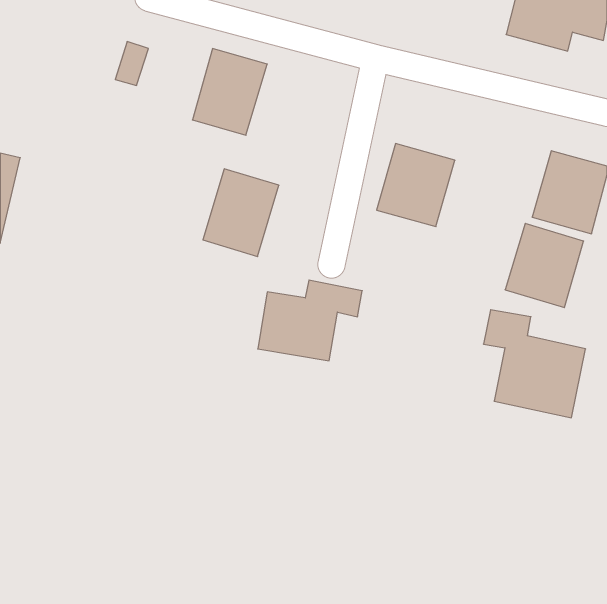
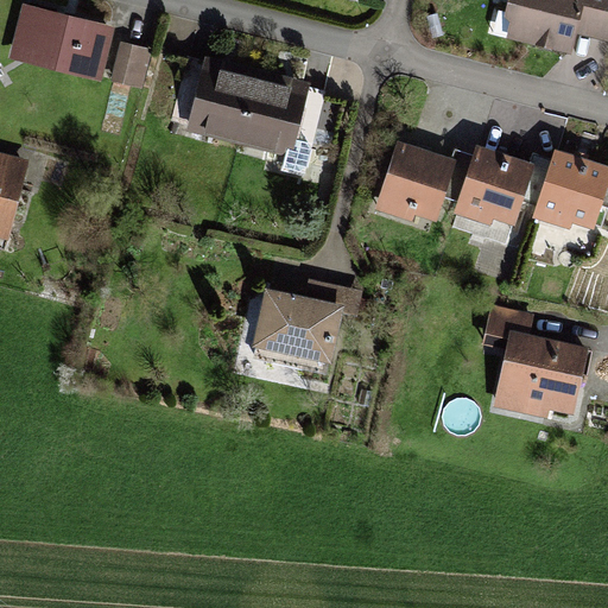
building: none -> [7,7,116,81]
building: [203,169,279,257] -> [246,64,322,152]
building: [505,223,584,308] -> [452,146,531,230]

